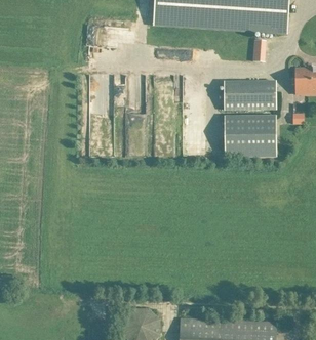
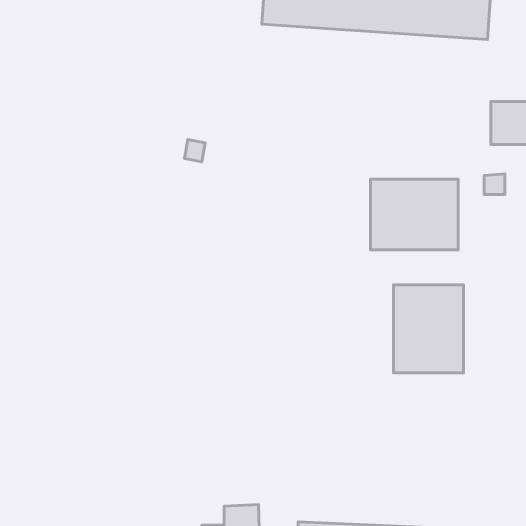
building: [224,82,275,111] -> none
building: none -> [394,285,464,373]

